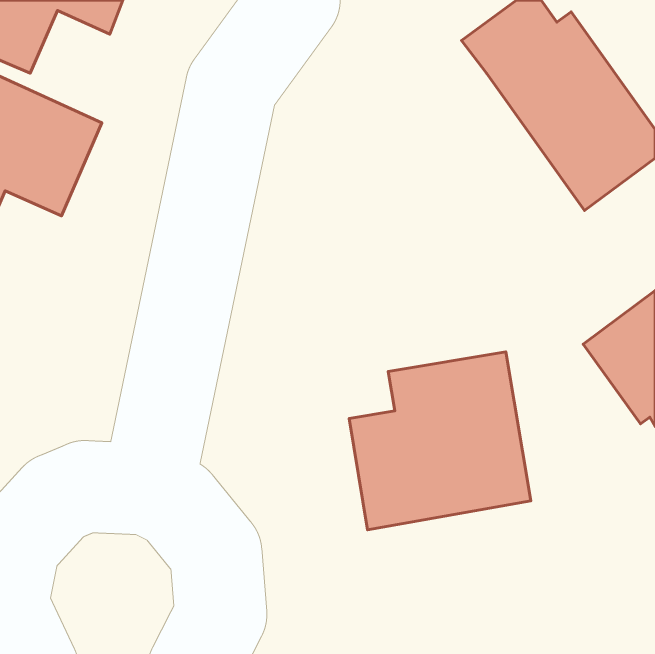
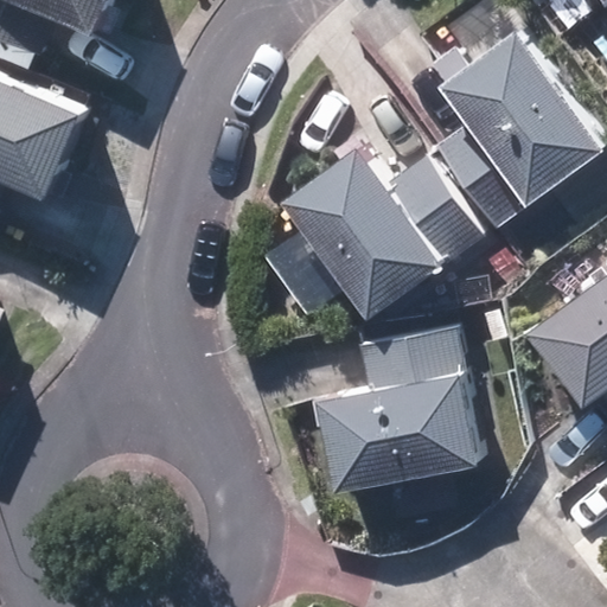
building: none -> [262,146,481,319]

